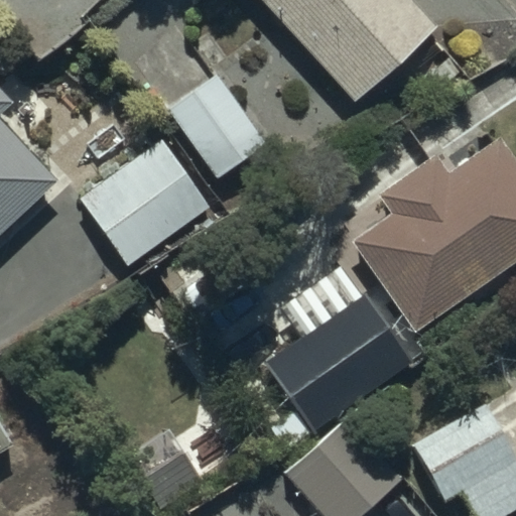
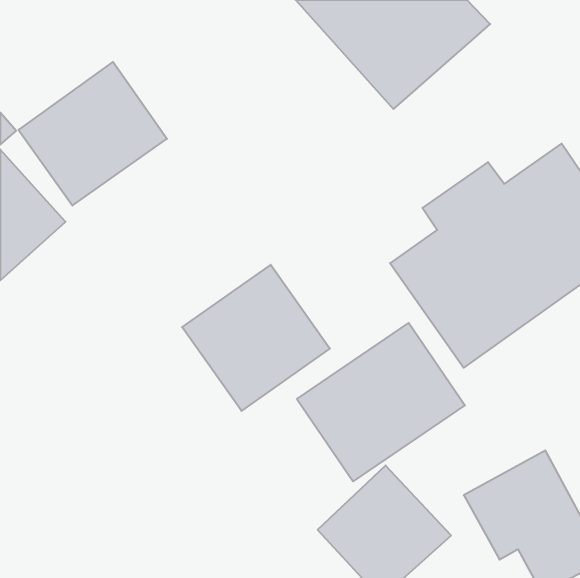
building: [167,71,284,196] -> none
building: [81,139,211,265] -> [18,62,167,206]
building: none -> [182,265,330,411]

